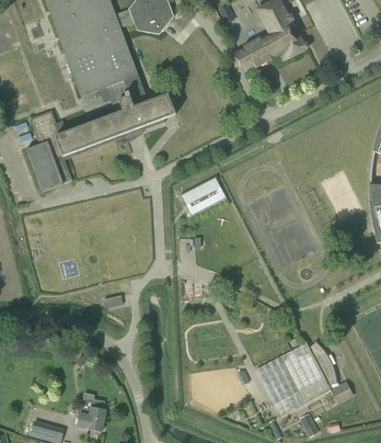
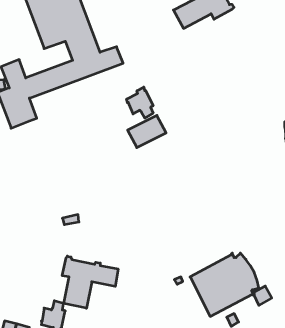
building: none -> [127,87,153,118]
building: none -> [62,256,118,308]

